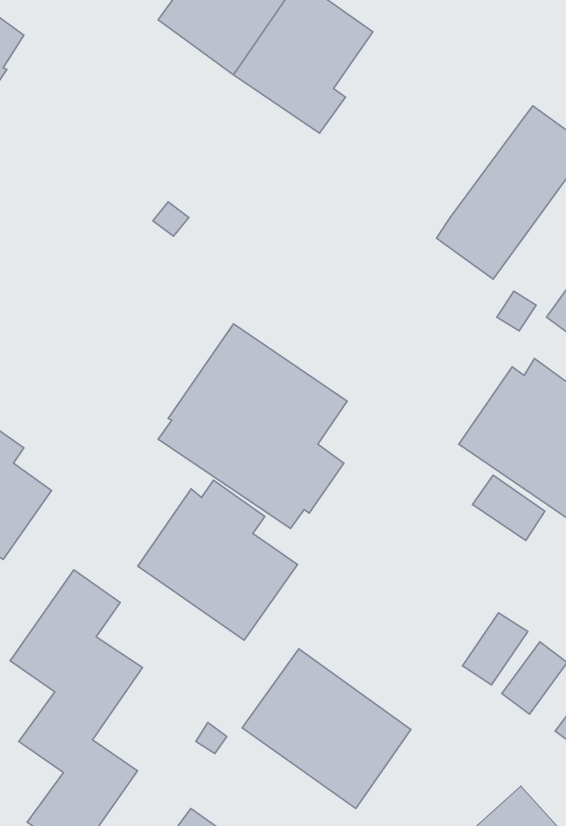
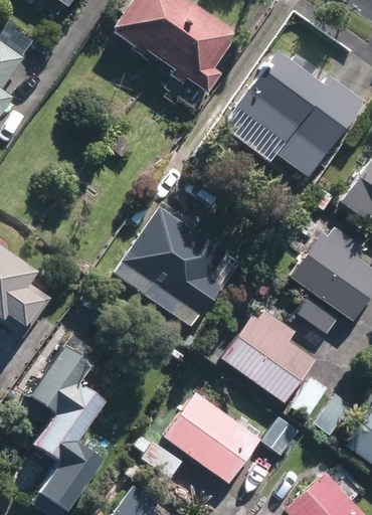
building: none -> [235,49,327,143]
building: [138,480,298,640] -> [221,308,315,401]

